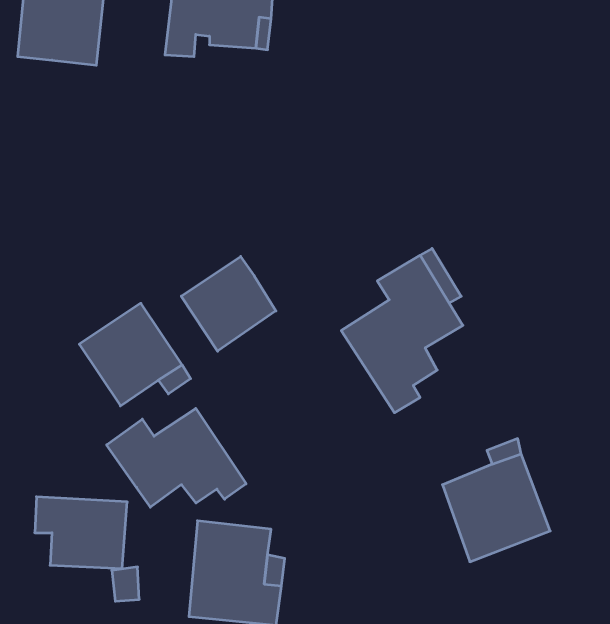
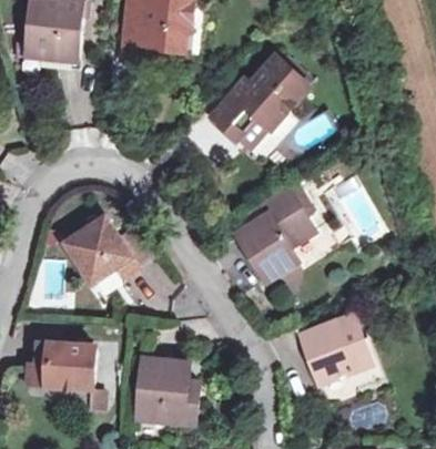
building: none -> [209,57,308,139]
building: [181,256,276,351] -> none
building: [107,408,246,507] -> none

